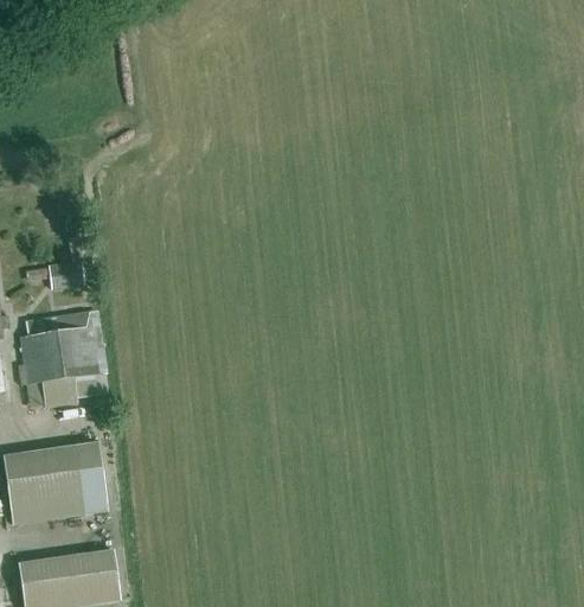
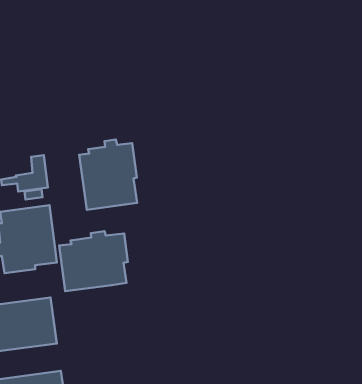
building: none -> [79,140,137,210]
building: none -> [59,231,128,291]

